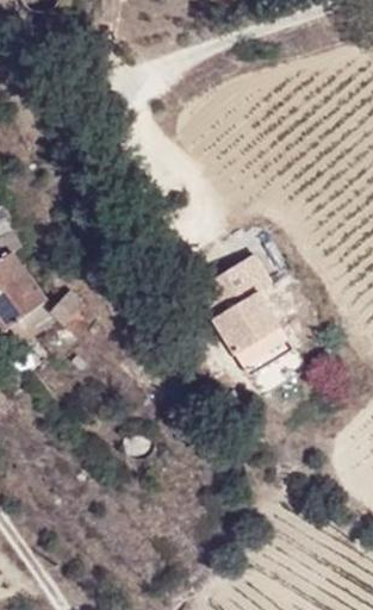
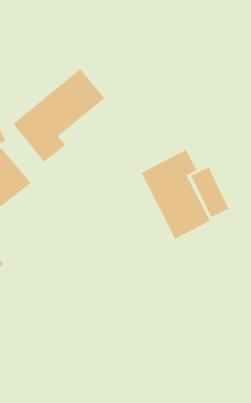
building: none -> [13,68,105,162]
building: [48,292,98,342] -> none

